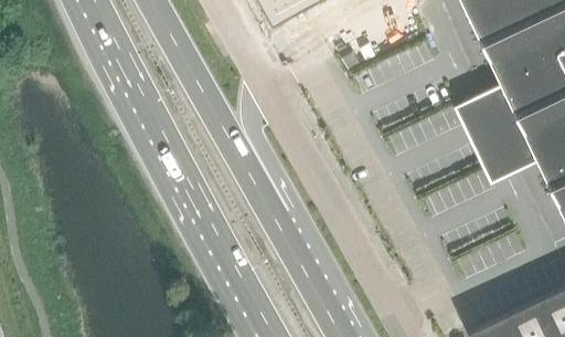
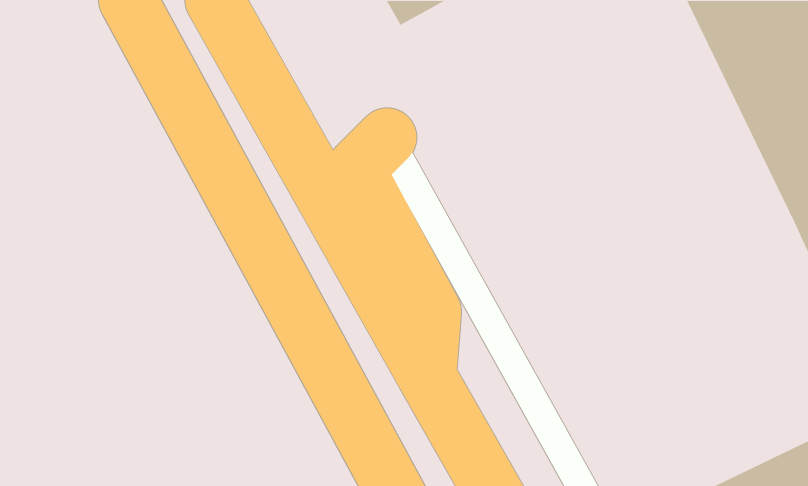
building: [452,81,536,177] -> none

